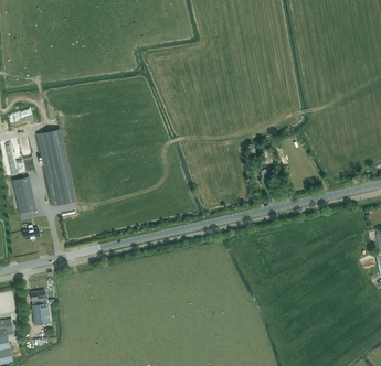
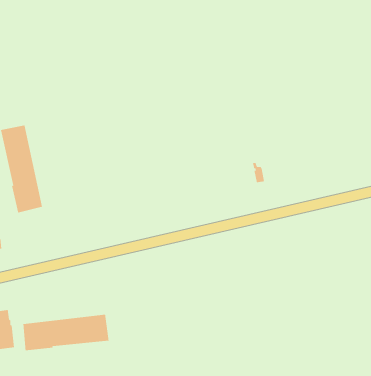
building: none -> [23,314,109,351]

